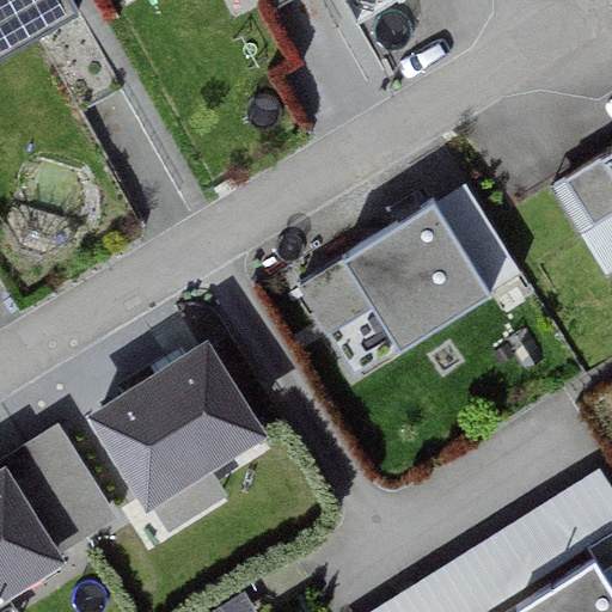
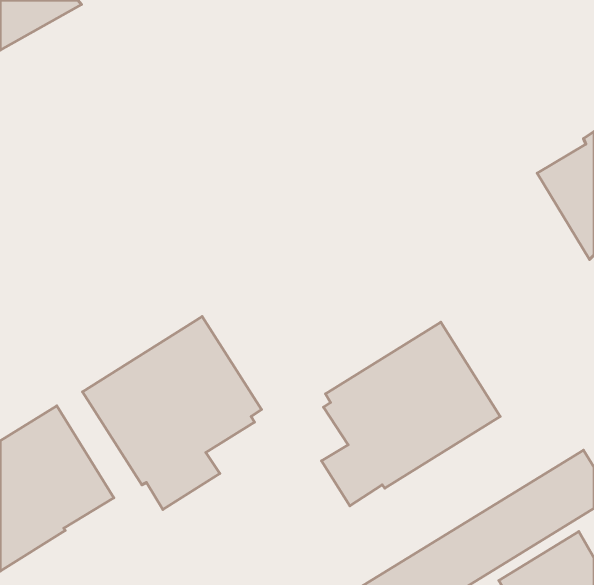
building: [299,186,521,354] -> none
building: none -> [322,322,500,506]

